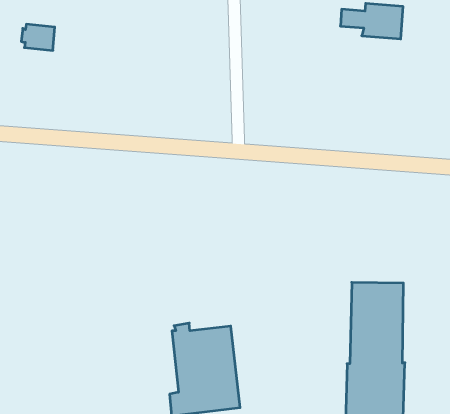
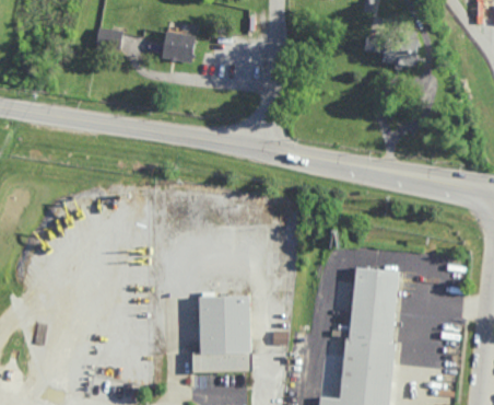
building: none -> [161,31,195,62]

